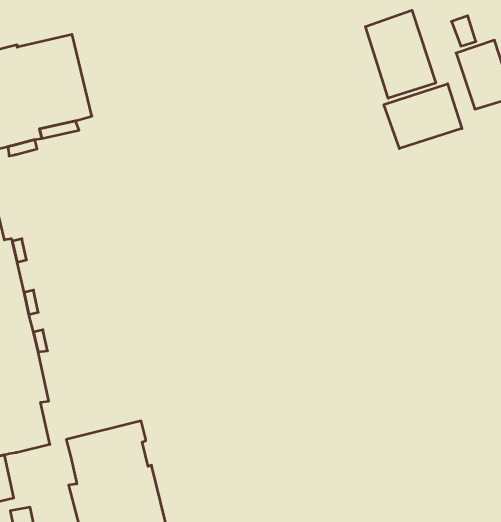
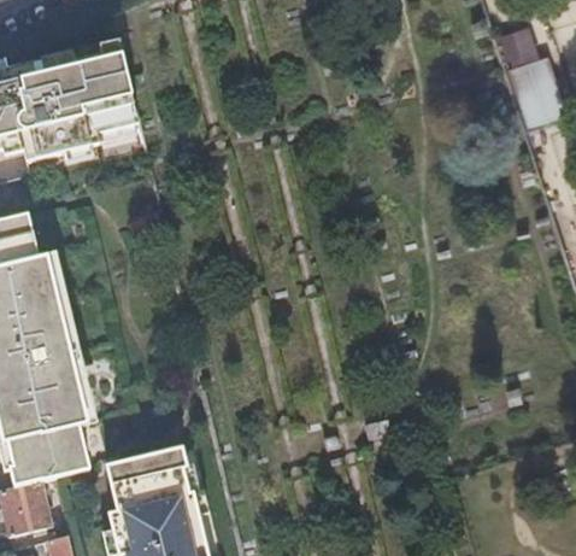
building: [365,10,436,98] -> none
building: [384,84,462,149] -> none

